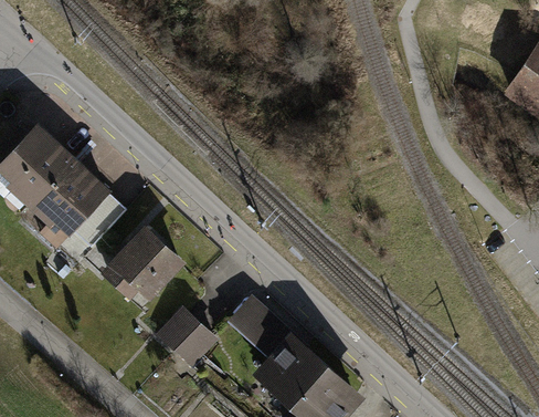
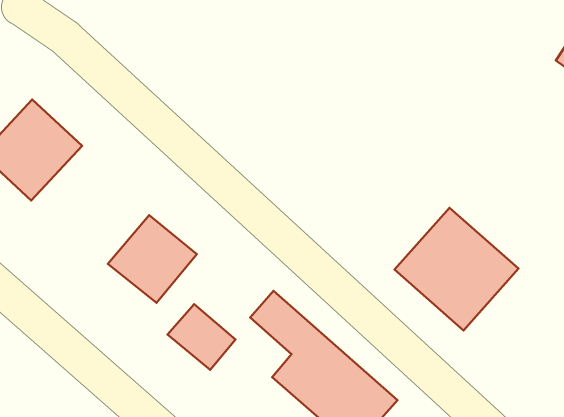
building: [32,165,128,262] -> none
building: none -> [395,208,518,330]

